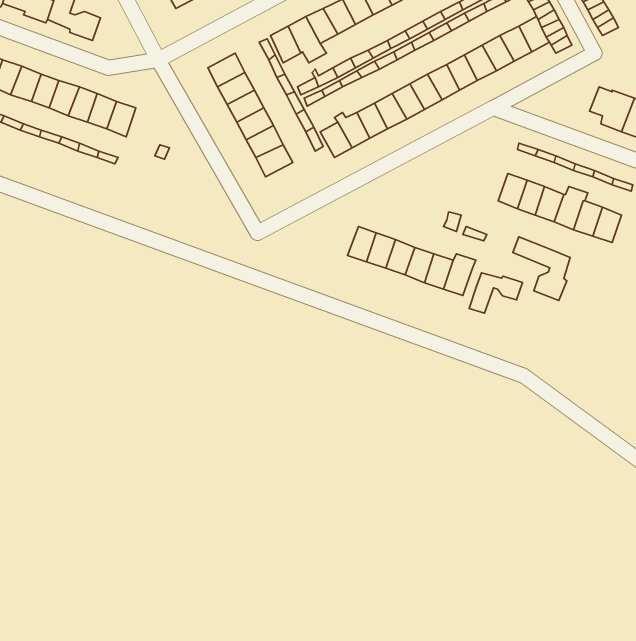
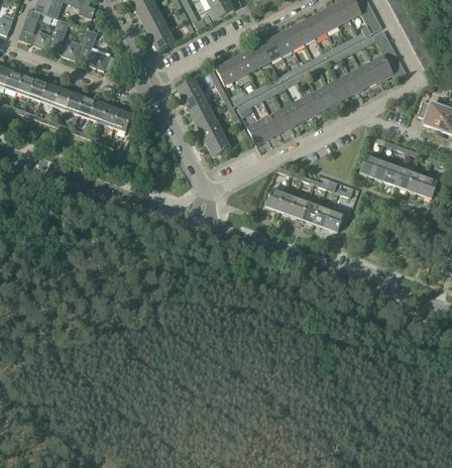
building: [513,237,570,301] -> none
building: [469,273,522,313] -> none

